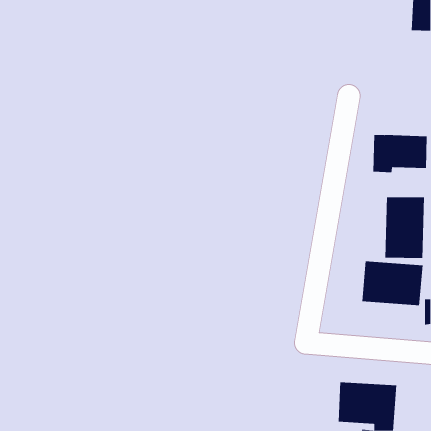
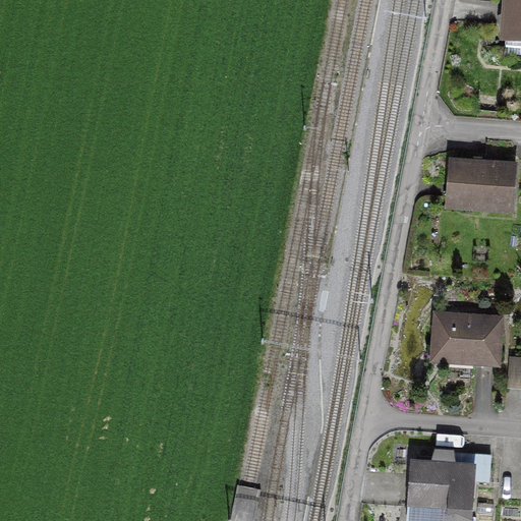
building: [385,196,424,259] -> none

